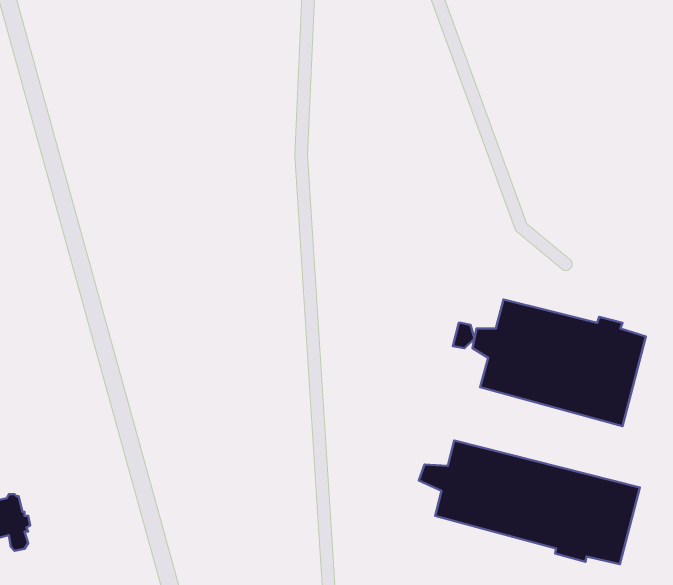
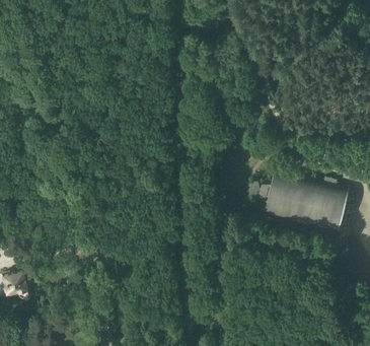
building: [419,441,640,564] -> none

